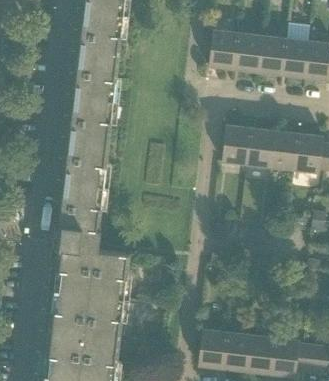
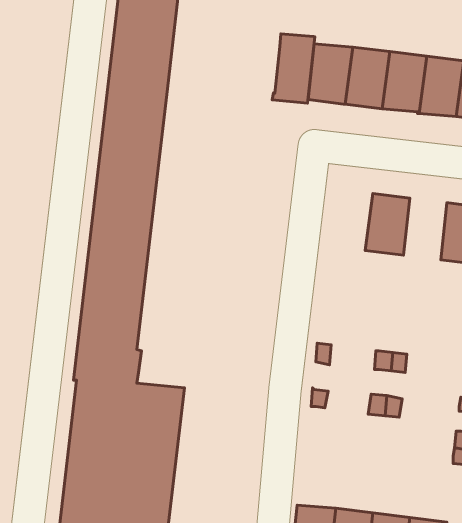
building: none -> [272,34,315,103]
building: [222,125,251,164] -> none
building: [271,130,299,170] -> none

